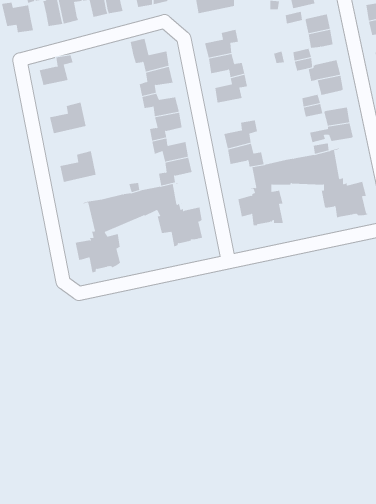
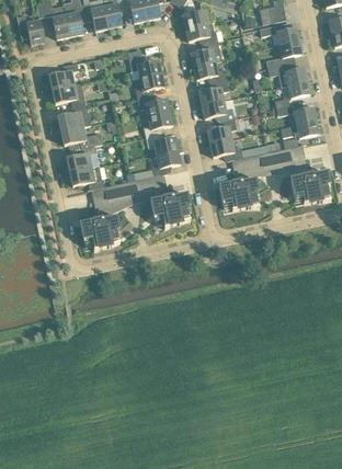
building: none -> [185,20,218,43]
building: none -> [53,82,86,105]
building: none -> [202,99,235,119]
building: none -> [61,123,94,147]
building: none -> [70,164,103,187]

